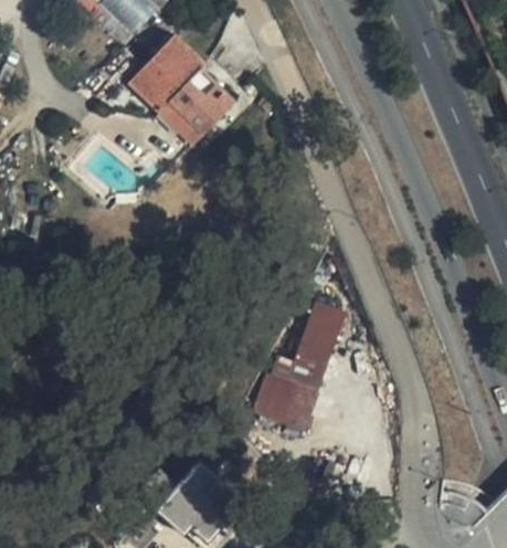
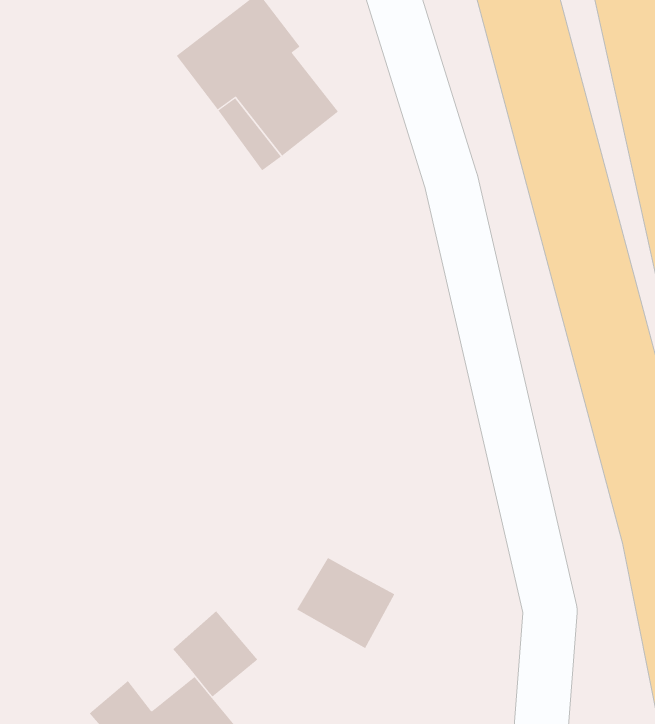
building: [287,302,344,392] -> none
building: none -> [173,610,258,698]

